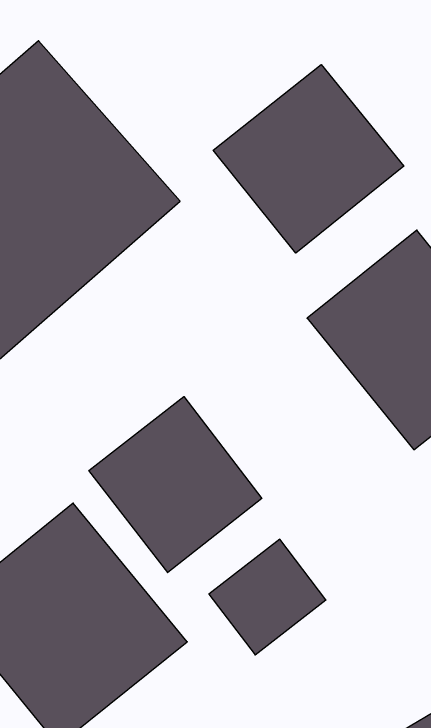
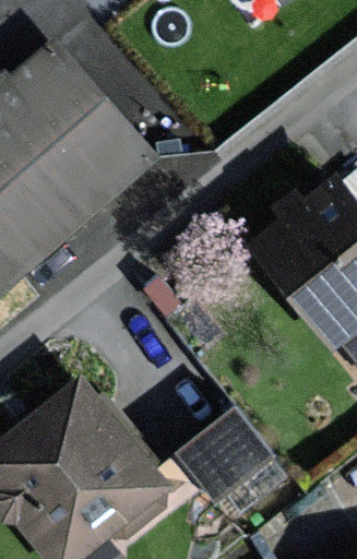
building: [213,65,404,253] -> none
building: [89,397,262,573] -> none

